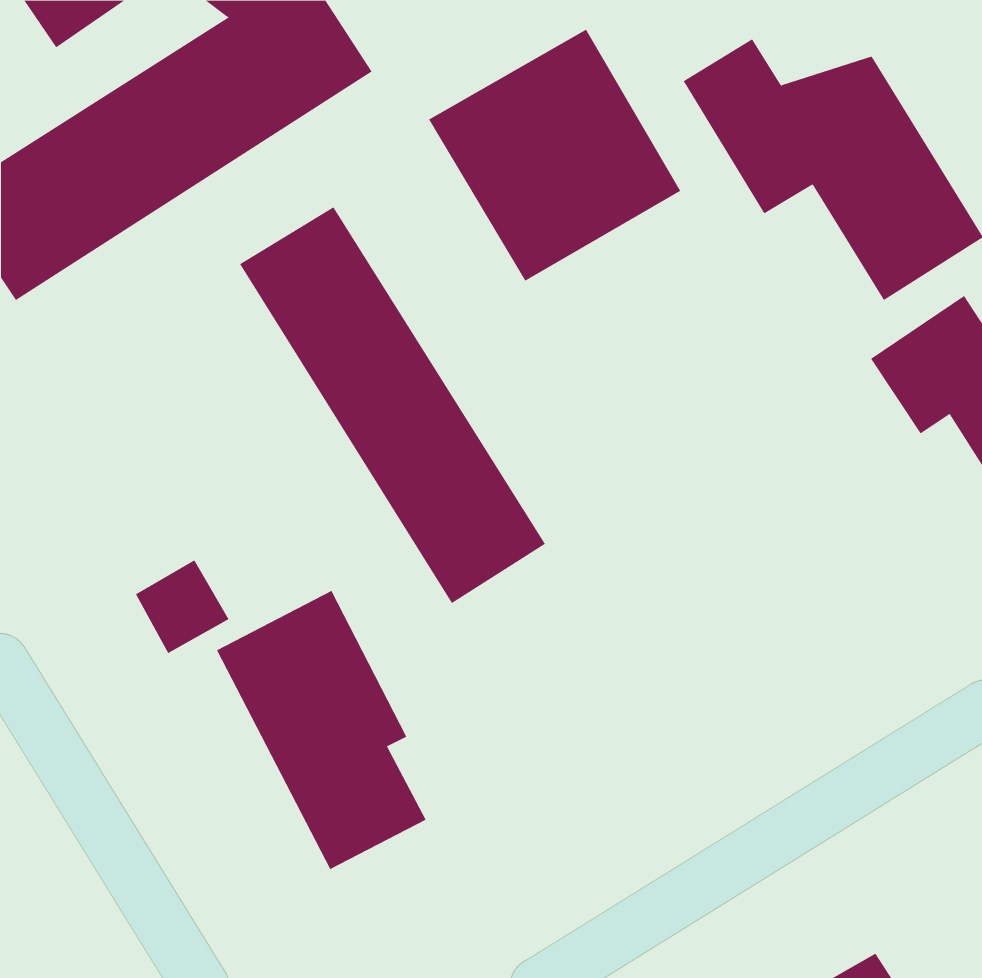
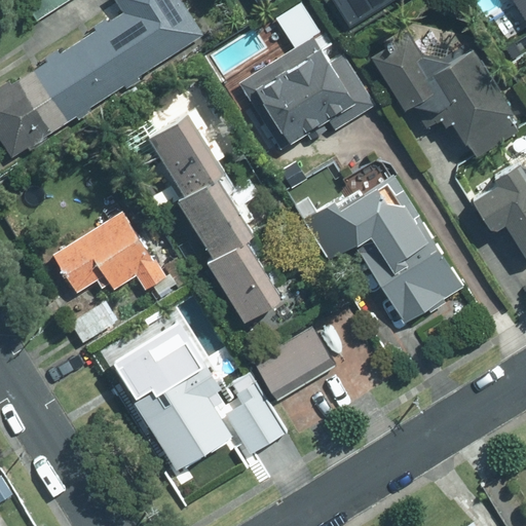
building: none -> [304,166,463,323]
building: none -> [50,209,171,299]
building: none -> [256,326,338,396]
building: none -> [219,386,285,457]

